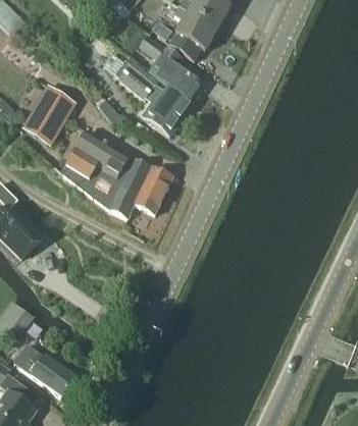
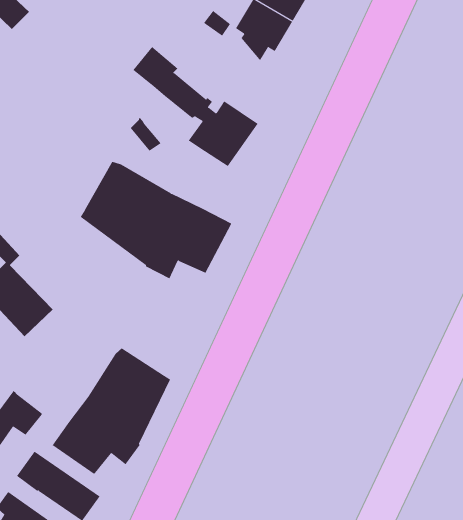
building: [139,33,205,103] -> none
building: [20,82,78,147] -> none
building: none -> [52,347,171,475]

